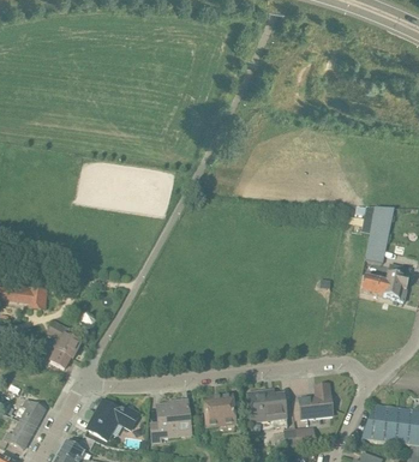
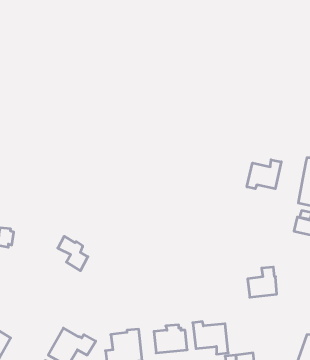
building: none -> [247,160,281,189]
building: [47,319,80,358] -> [58,236,88,271]
building: [299,383,331,416] -> [248,267,277,297]

